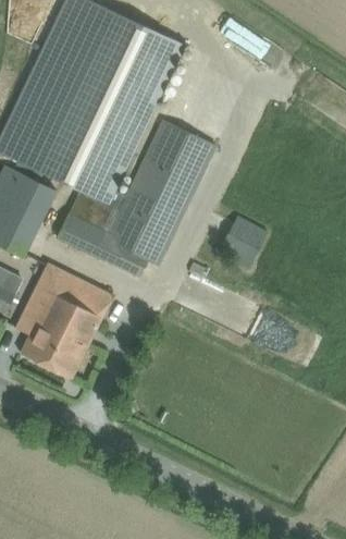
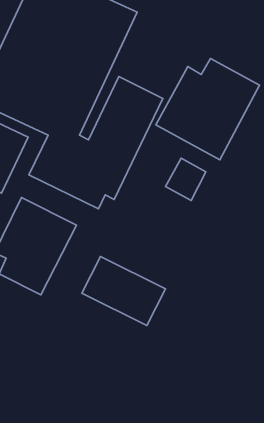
building: none -> [156,58,259,160]
building: none -> [82,256,165,325]

